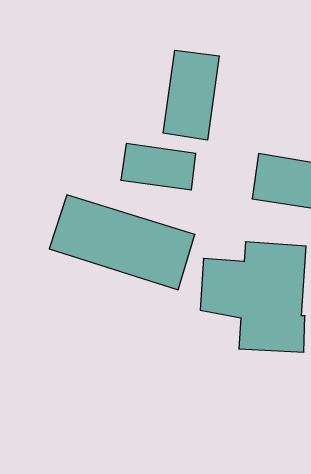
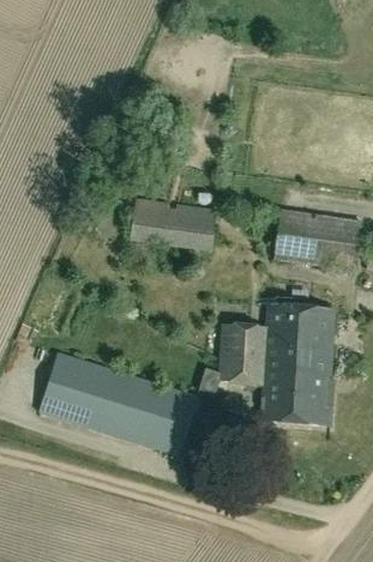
building: [163,50,219,140] -> none
building: [49,195,195,290] -> [38,352,197,455]

